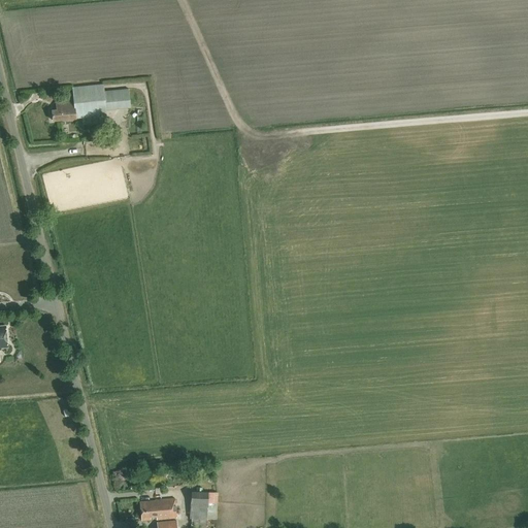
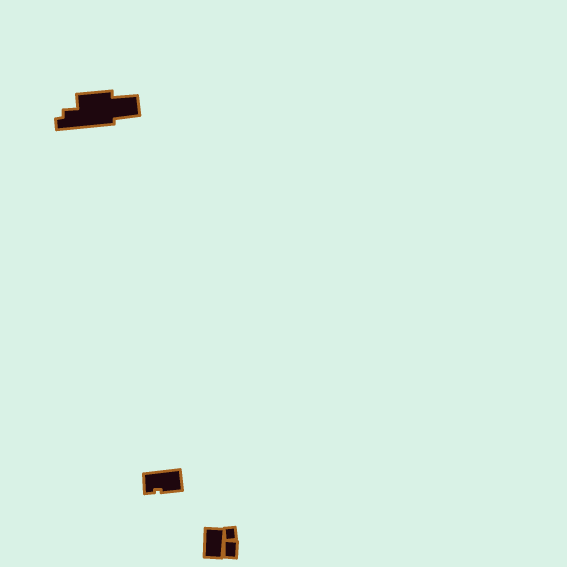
building: [140,498,176,521] -> [144,469,182,494]

